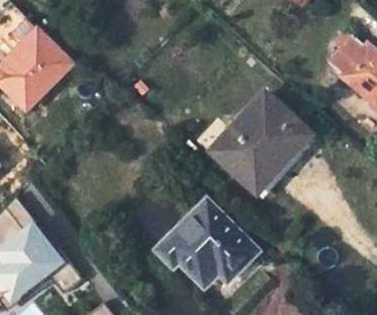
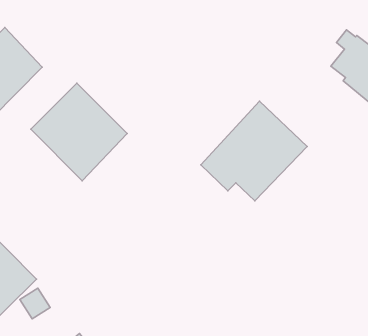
building: none -> [31,83,127,181]
building: [157,203,259,289] -> none

